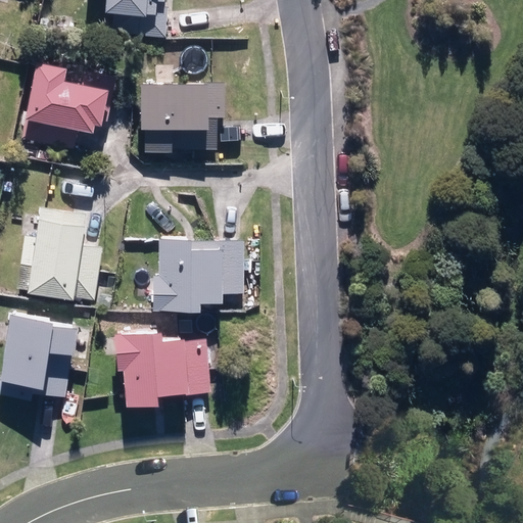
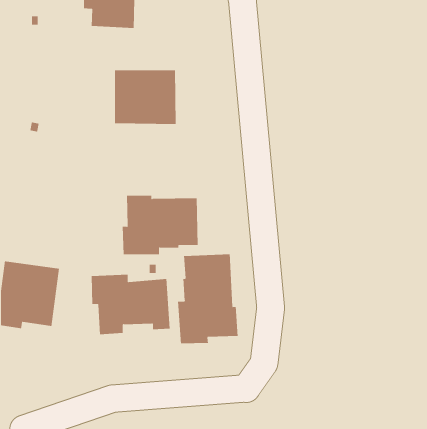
building: [21,62,117,148] -> none
building: [16,206,102,300] -> none
building: none -> [178,253,238,344]

